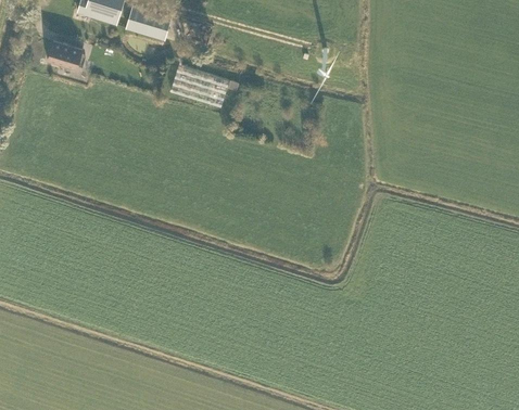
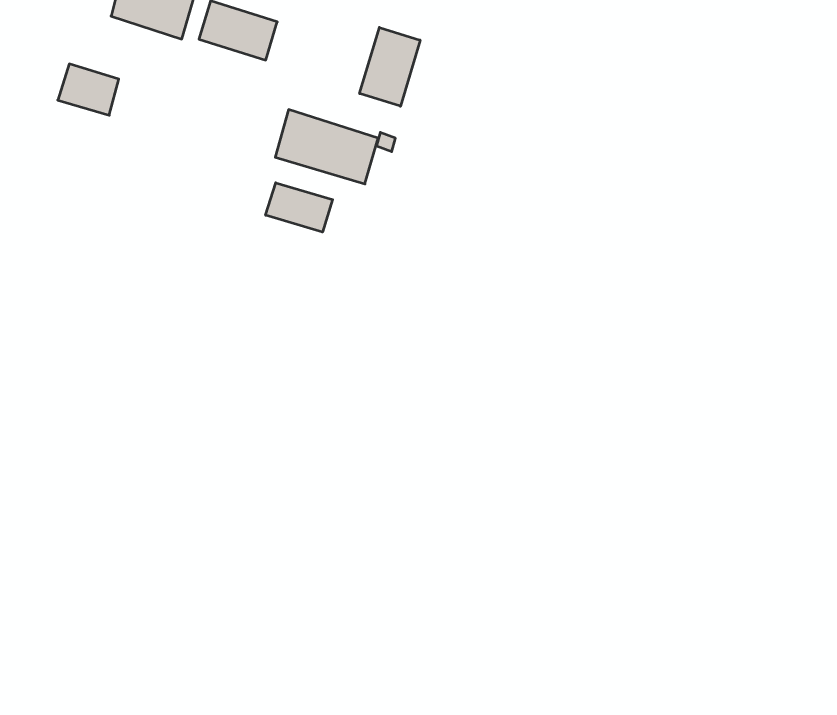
building: none -> [360,27,420,106]
building: none -> [266,183,333,232]

